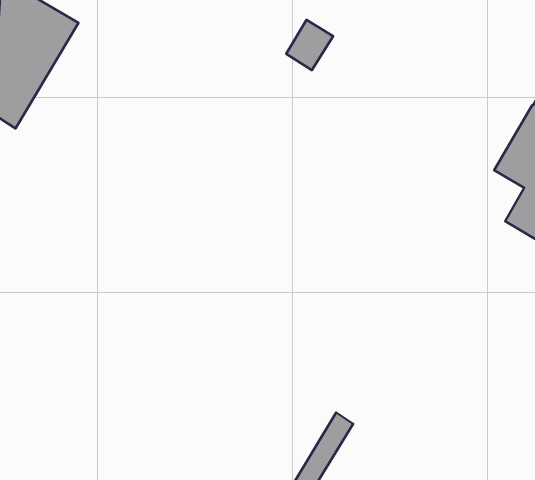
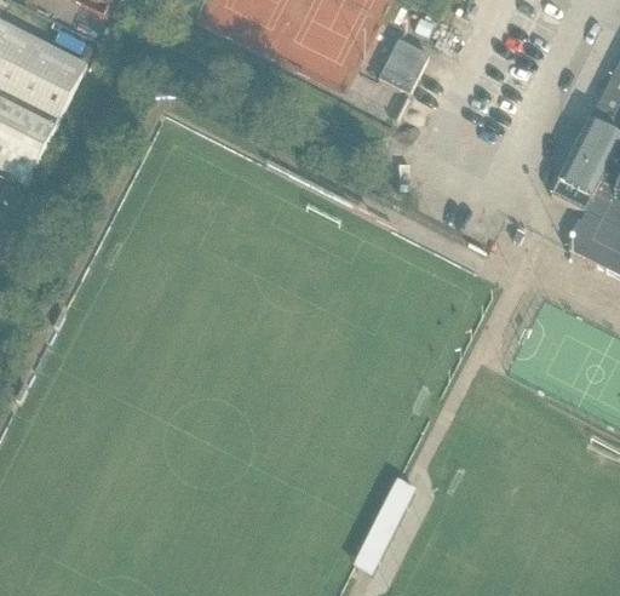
building: [286,20,333,70] -> [379,39,429,93]

